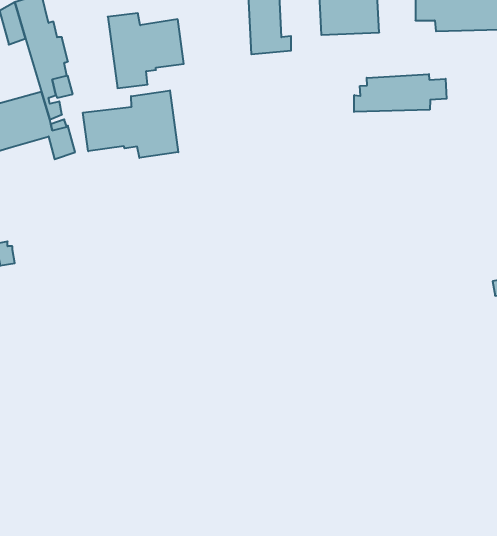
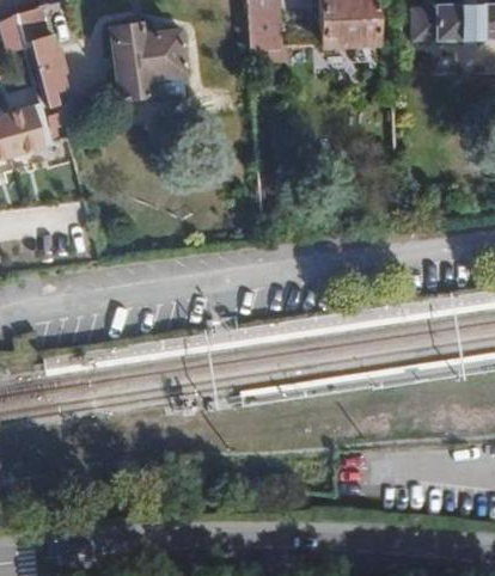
building: [354,74,447,112] -> none
building: [83,90,178,158] -> none

